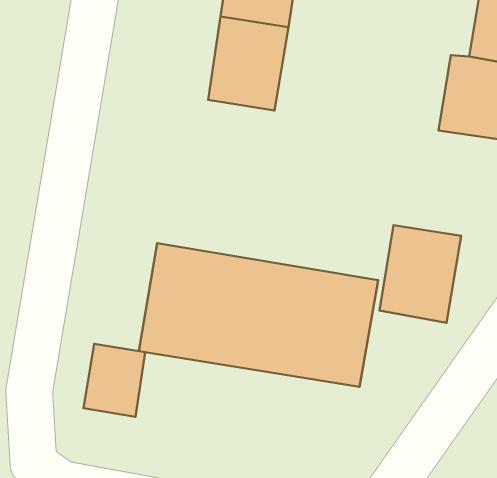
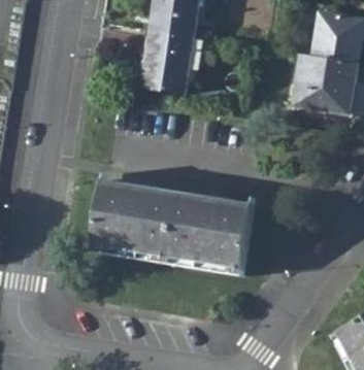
building: [379,225,461,323] -> none
building: [83,344,145,417] -> none

